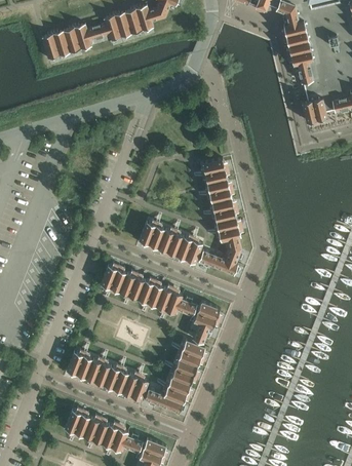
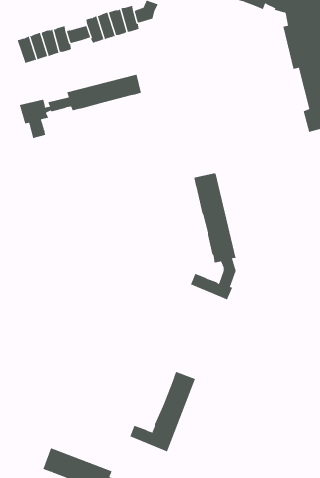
building: none -> [19,74,141,139]
building: [139,223,202,264] -> none
building: [101,266,220,345] -> none
building: [66,352,148,400] -> none

